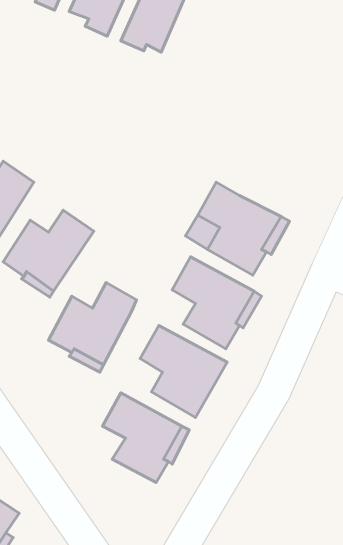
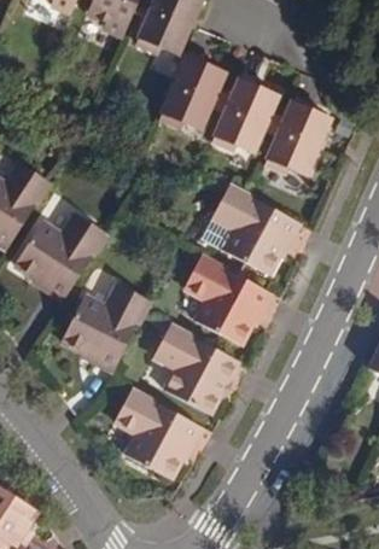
building: none -> [161,51,223,128]
building: none -> [212,75,279,152]
building: none -> [267,103,331,176]

